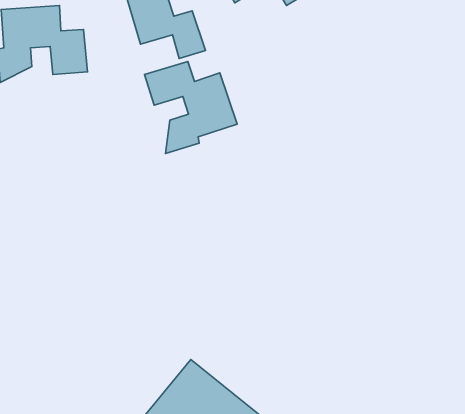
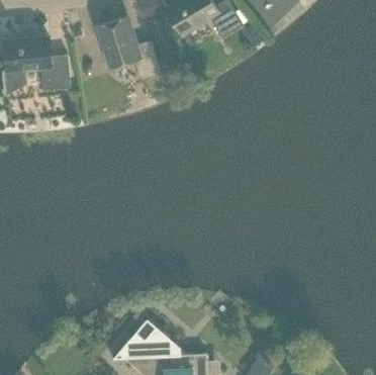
building: [144,62,237,154] -> none

